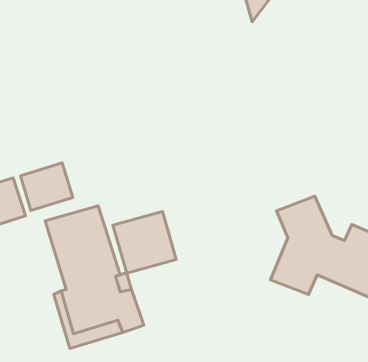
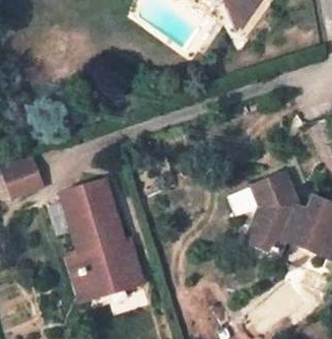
building: [20,163,73,210] -> none
building: [113,211,176,273] -> none

